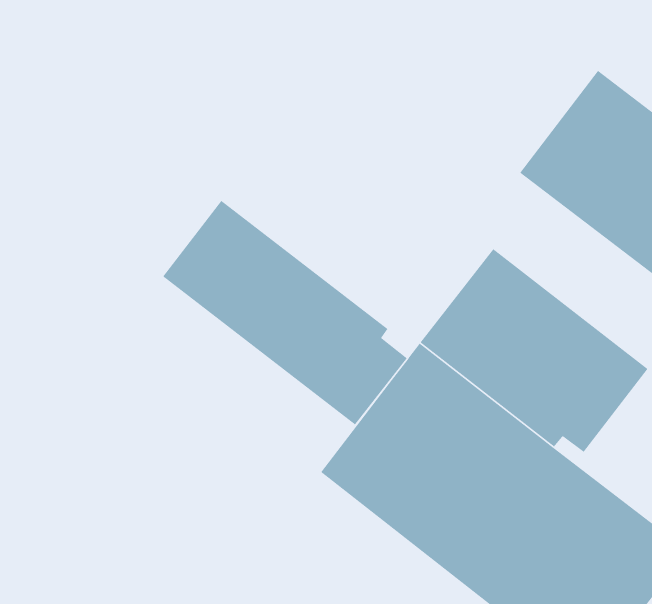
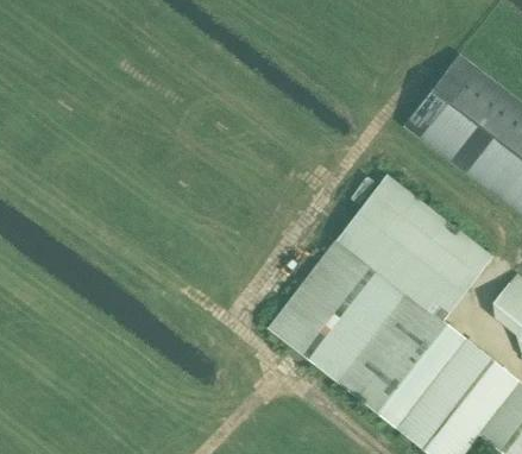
building: [162,200,408,426] -> none

